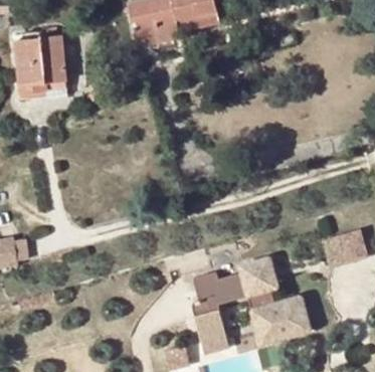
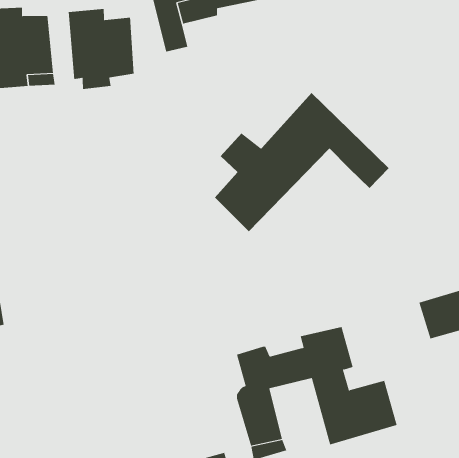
building: none -> [68,8,134,90]
building: none -> [214,92,389,232]

